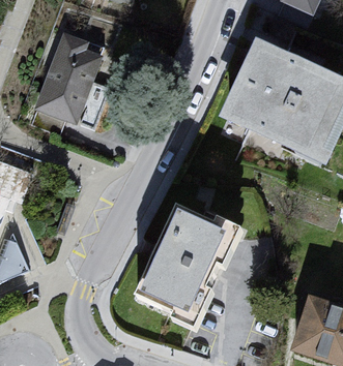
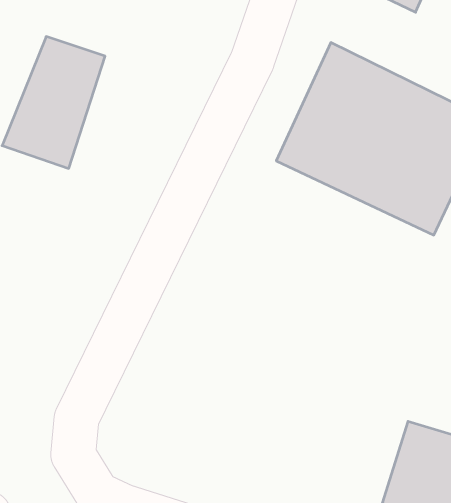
building: [134,203,238,325] -> none

